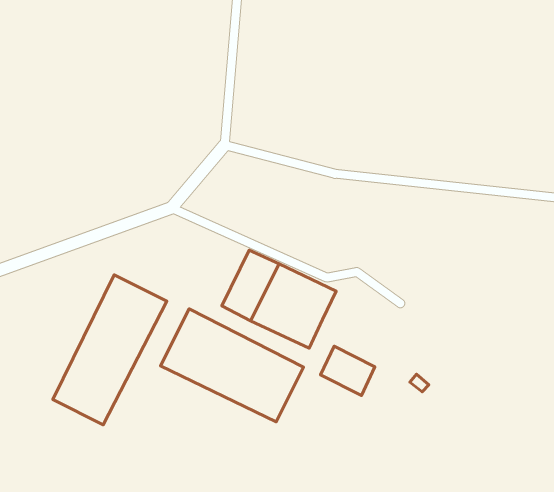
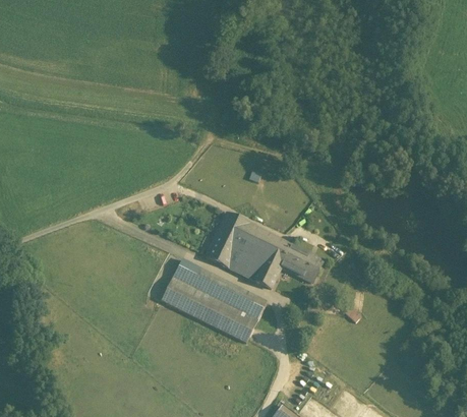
building: [53,275,167,425] -> none
building: [320,346,375,395] -> [281,247,322,284]

